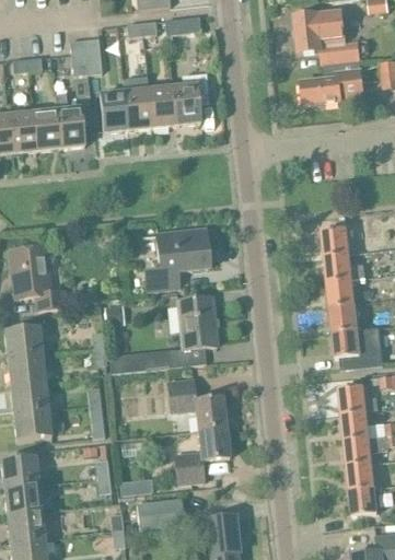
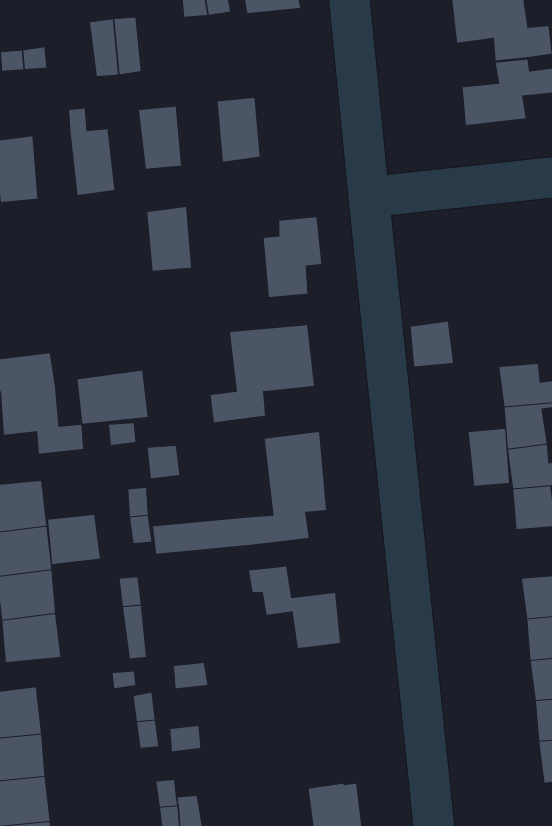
building: [172,73,209,124] -> [263,217,322,297]
building: [123,89,151,129] -> [146,207,192,271]
building: [33,108,60,150] -> none
building: [322,226,349,255] -> [410,321,454,367]
building: none -> [77,370,148,425]
building: none -> [468,428,510,486]
building: none -> [47,514,100,565]
building: [174,428,229,485] -> none
building: [137,498,184,529] -> none

